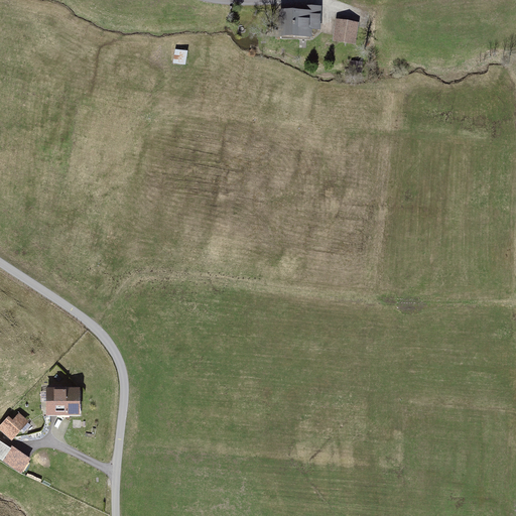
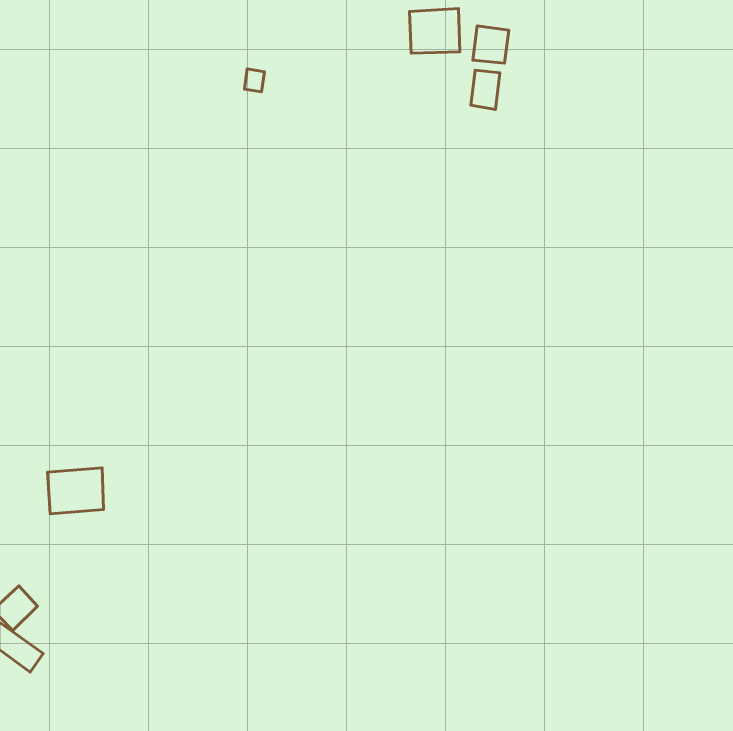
building: none -> [471,70,500,109]
building: [40,384,80,416] -> [47,468,104,514]

